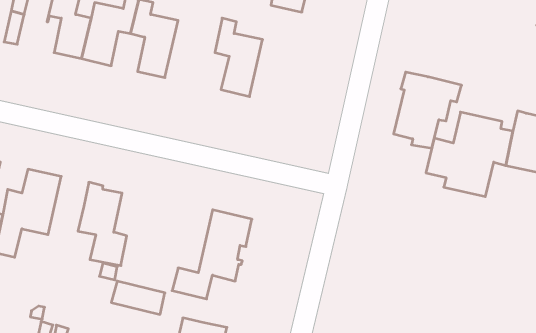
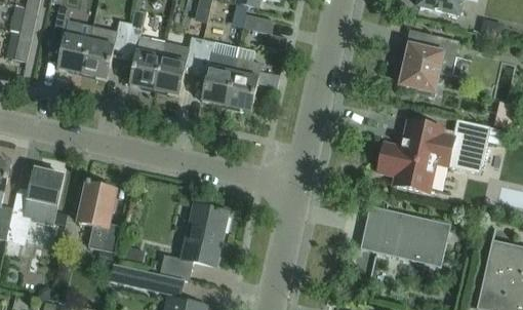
building: none -> [153,36,202,94]
building: none -> [226,56,262,111]
building: [394,72,462,148] -> [400,30,458,95]
building: none -> [361,209,450,266]

